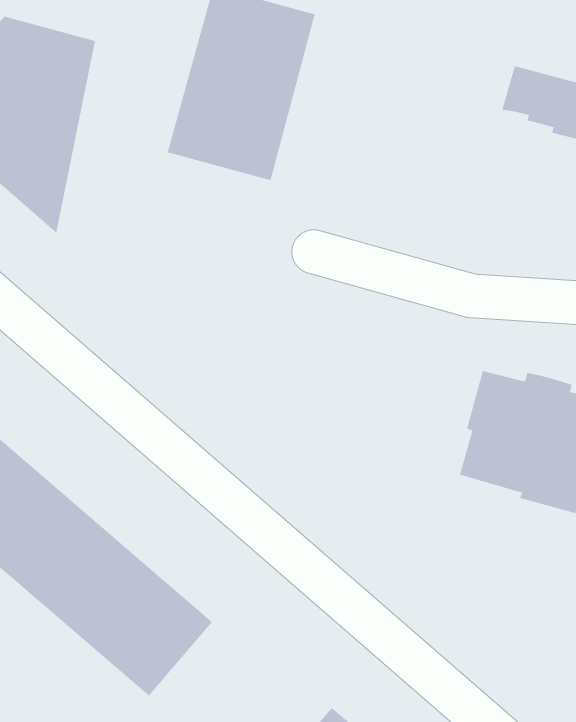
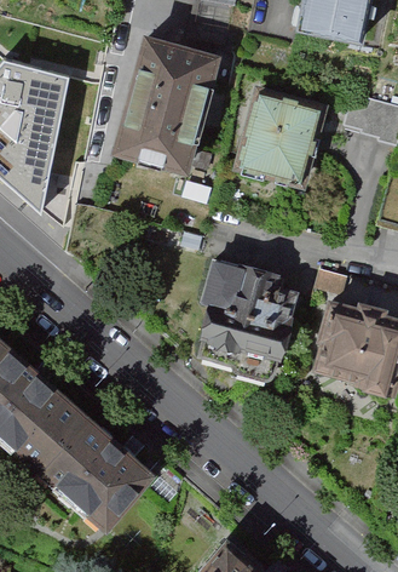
building: none -> [233,97,317,188]
building: none -> [201,258,299,360]

